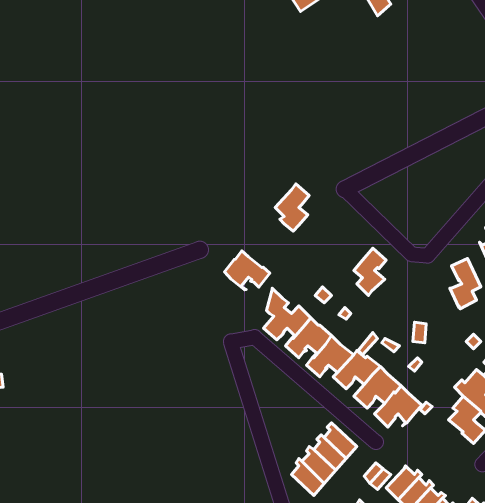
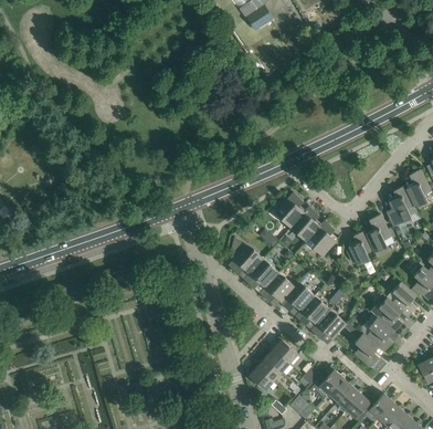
building: [275,184,309,231] -> [277,191,303,227]
building: [224,251,270,290] -> none
building: none -> [308,220,336,255]
building: none -> [348,230,373,264]
building: none -> [353,331,379,367]

